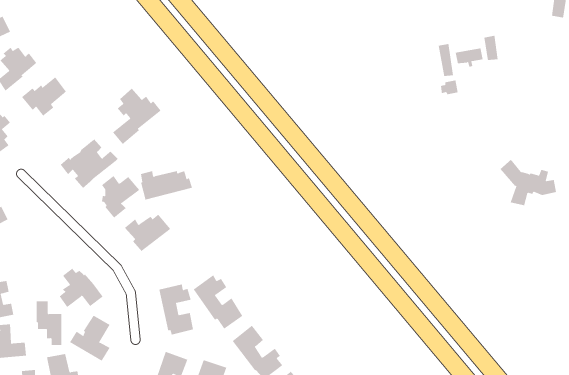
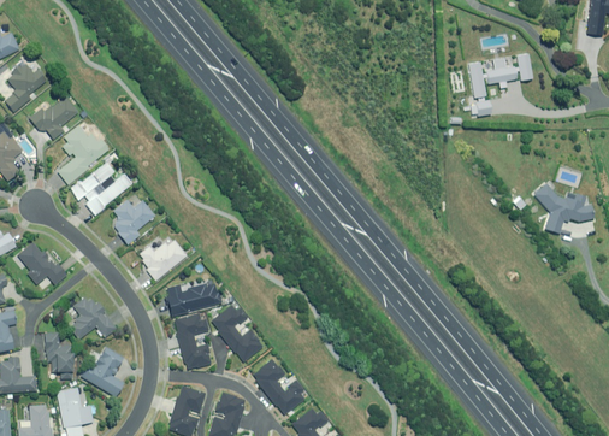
building: [112,88,161,145] -> [58,124,110,184]
building: [140,171,193,200] -> [167,283,223,314]
building: none -> [18,241,67,283]

